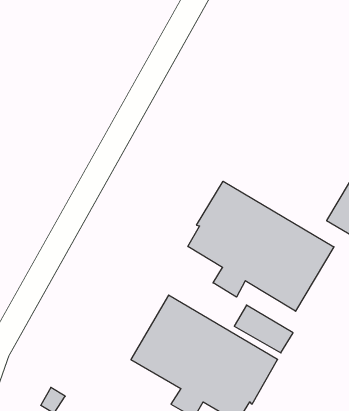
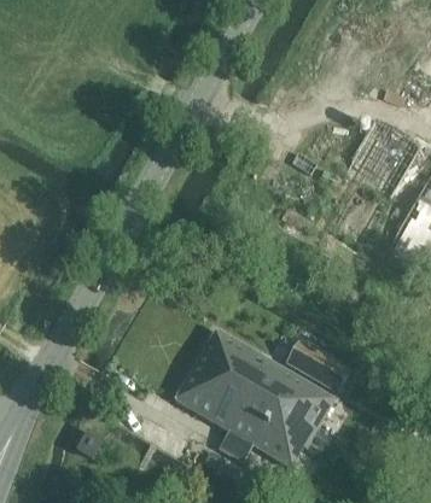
building: [188,181,334,311] -> none

